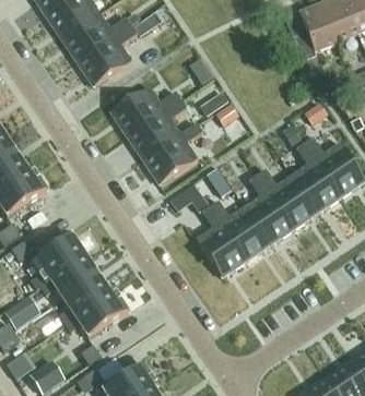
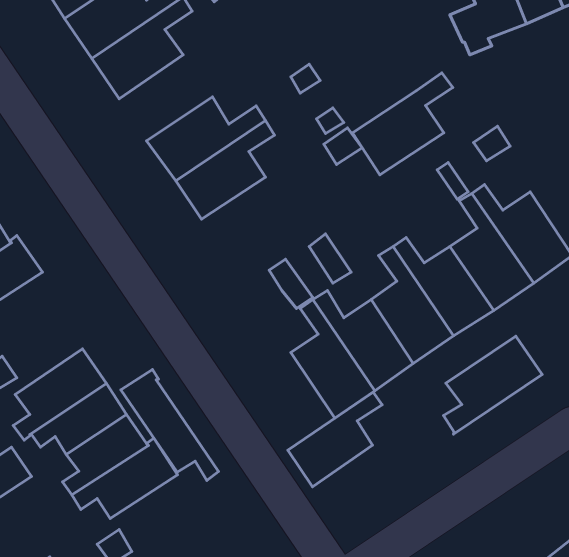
building: [143,122,203,183] -> [352,73,453,175]
building: none -> [444,336,542,434]
building: none -> [121,369,219,480]
building: none -> [288,392,382,487]

